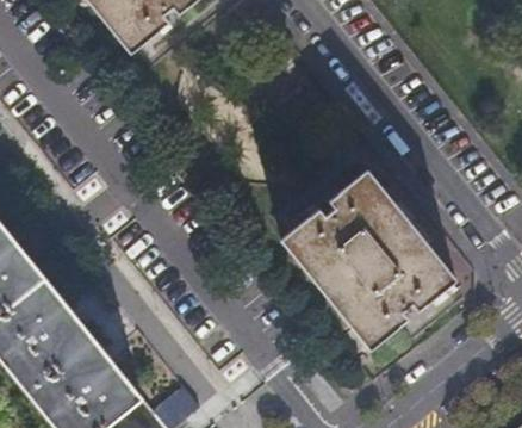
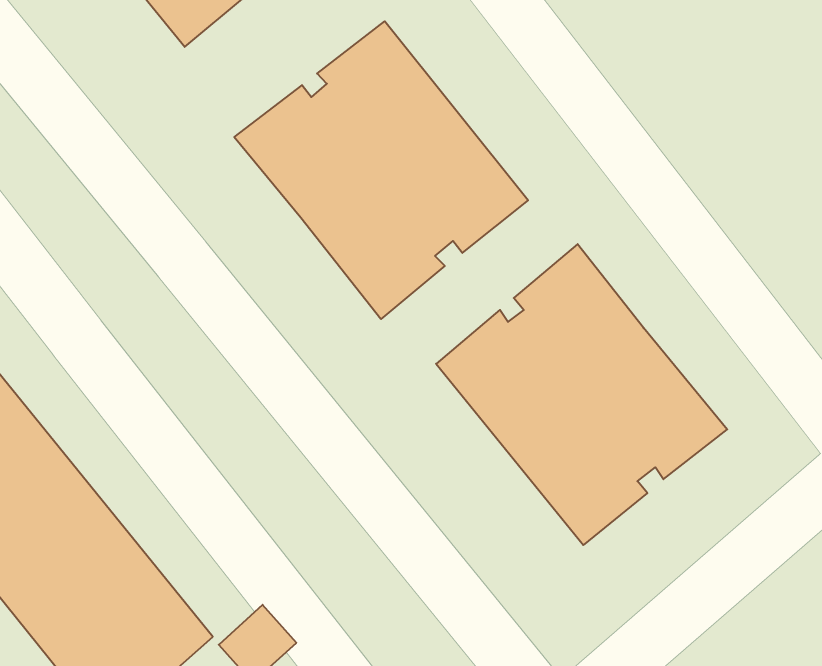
building: none -> [234,21,528,319]

